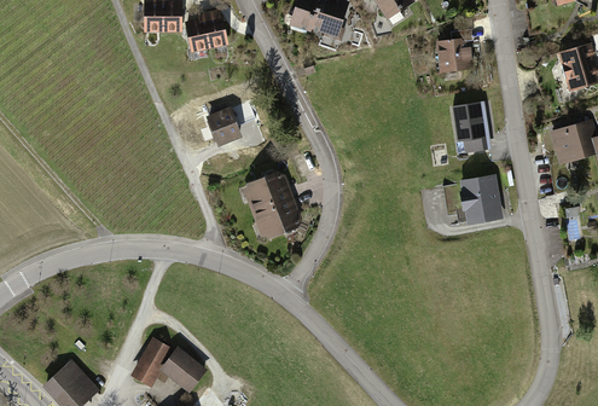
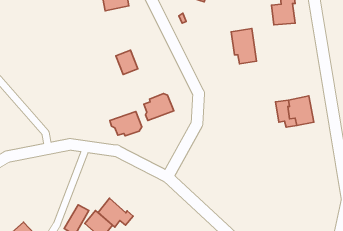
building: [453,102,490,153] -> [231,29,257,64]
building: [254,199,301,236] -> [110,111,142,136]
building: none -> [98,198,133,227]

